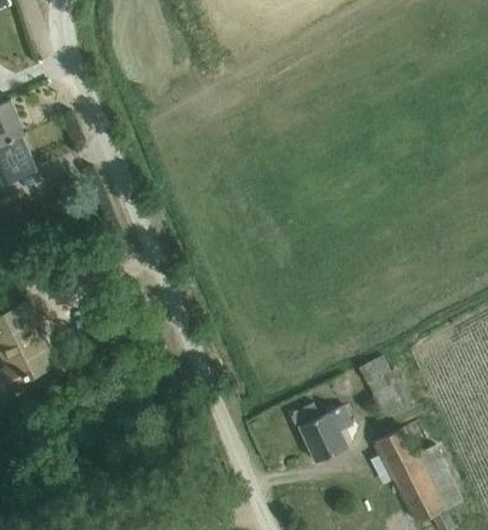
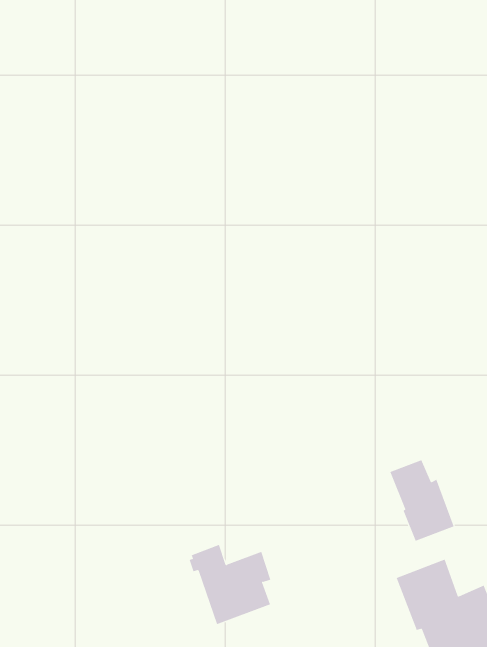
building: [291,403,354,462] -> [189,544,271,625]

